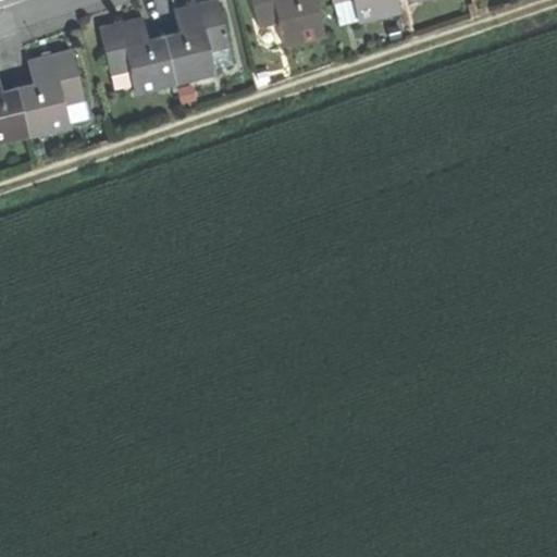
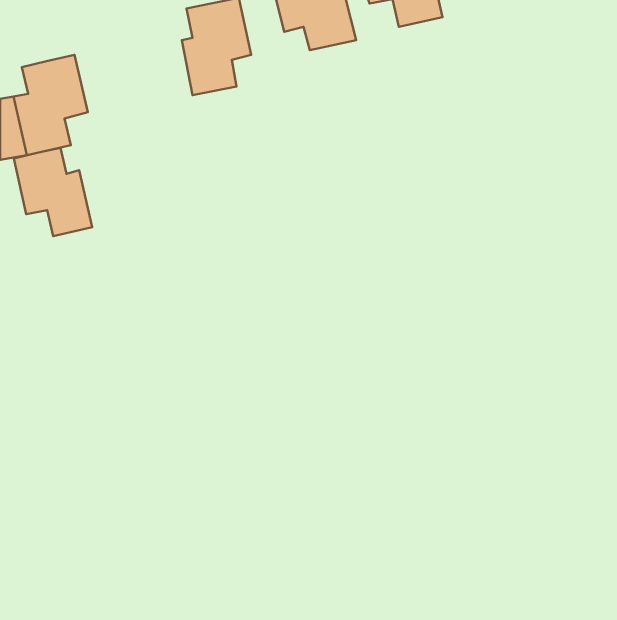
building: [100,15,177,94] -> none
building: none -> [14,148,92,236]

